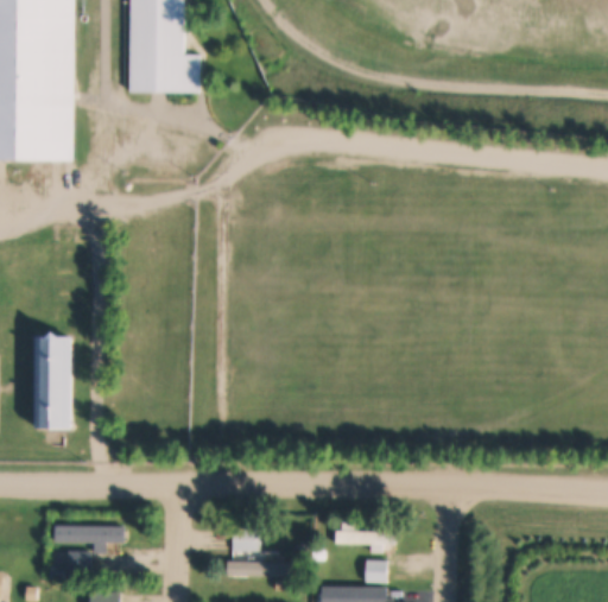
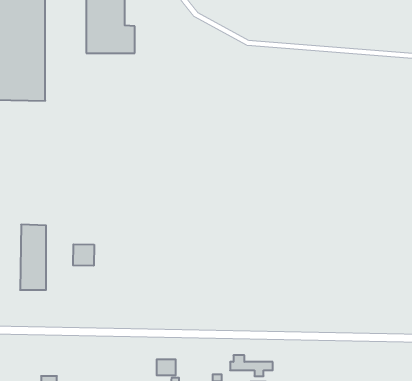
building: none -> [73,244,94,266]
building: [53,526,122,551] -> none

